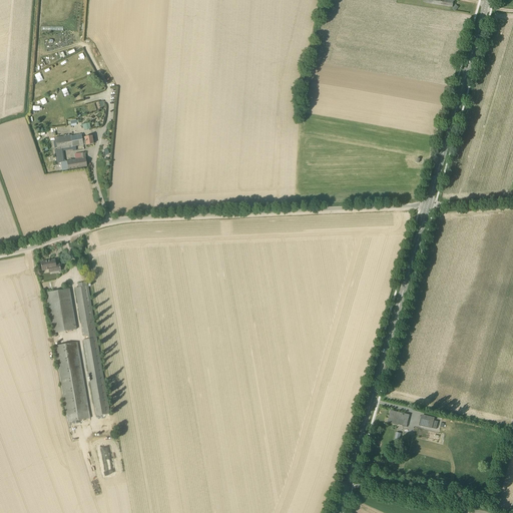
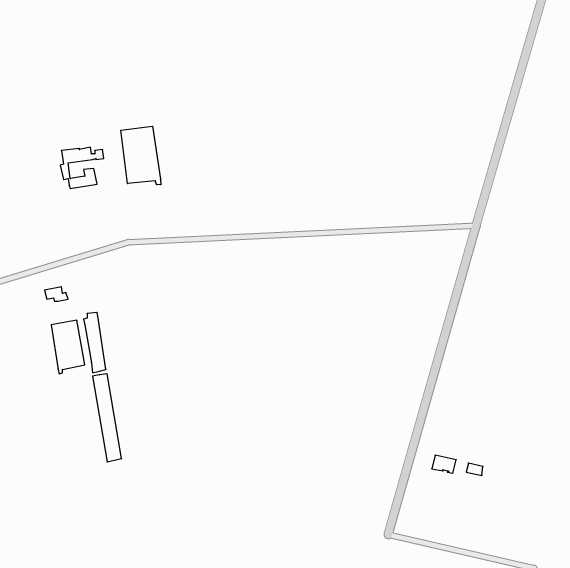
building: none -> [121,126,161,185]
building: [55,341,90,420] -> none

